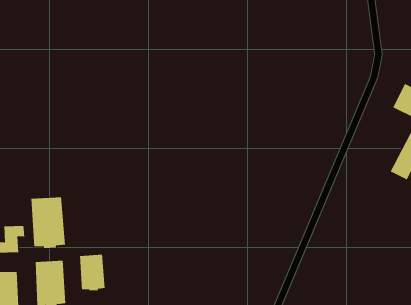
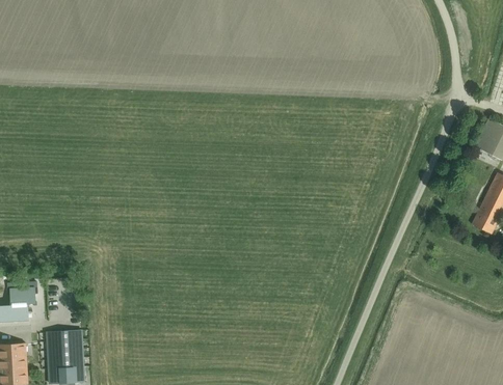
building: [31,196,65,249] -> none
building: [80,254,105,291] -> none

